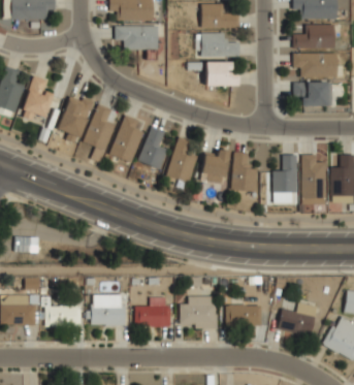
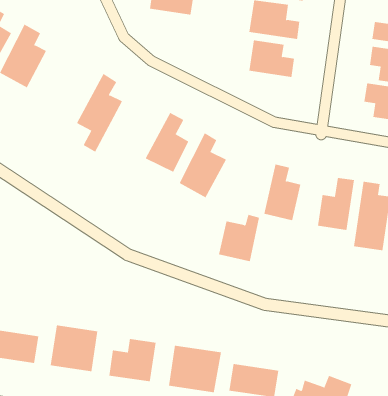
building: [57,93,92,140] -> none
building: [109,114,144,164] -> none
building: [201,149,228,184] -> [218,214,260,262]

